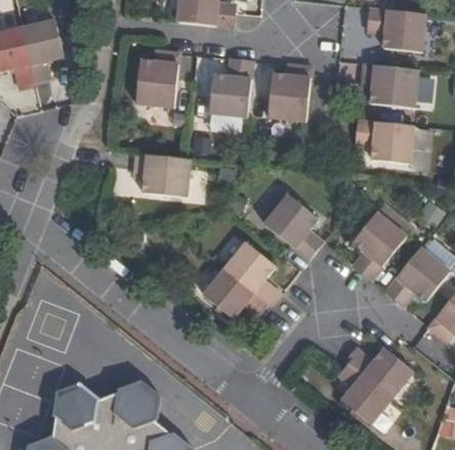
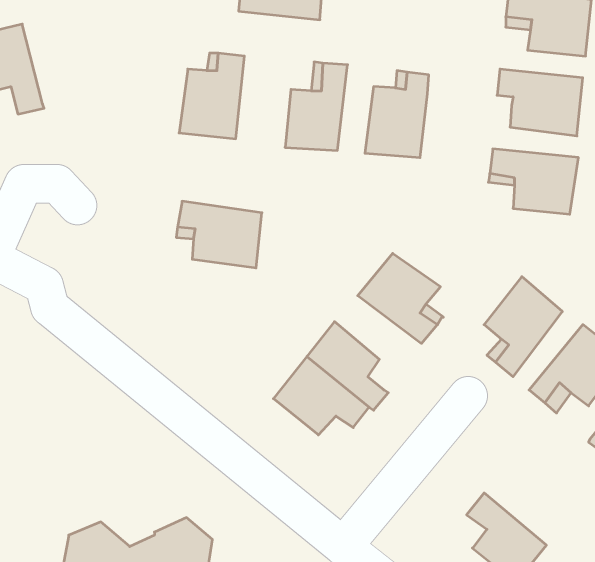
building: [24,23,66,86] -> none
building: [345,345,414,398] -> none

